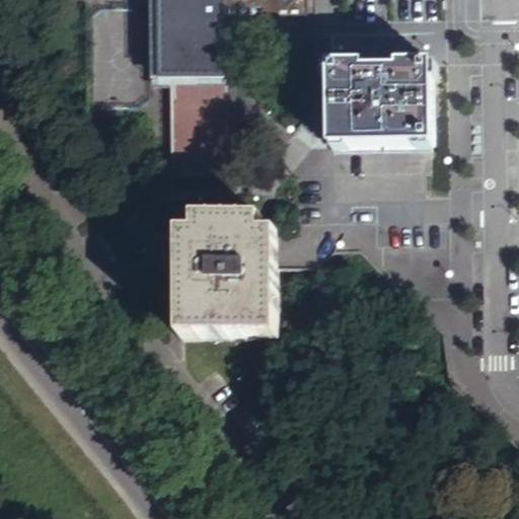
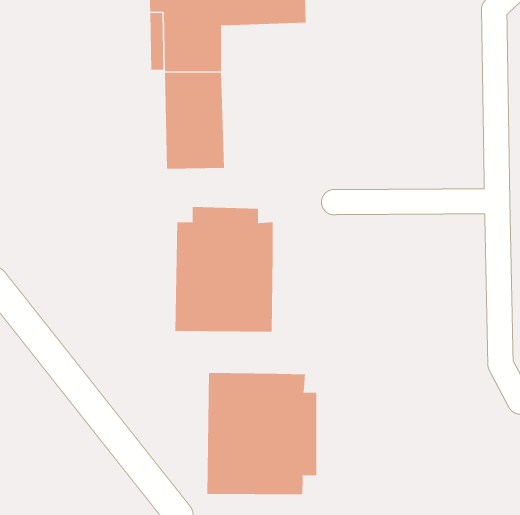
building: [325,56,430,138] -> none
building: none -> [207,372,317,495]

